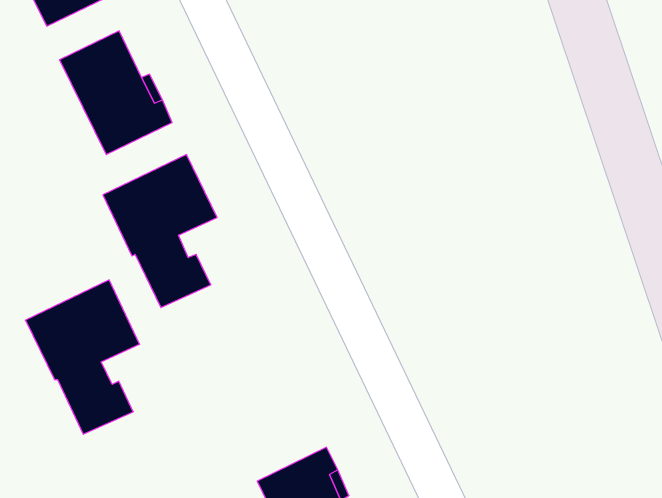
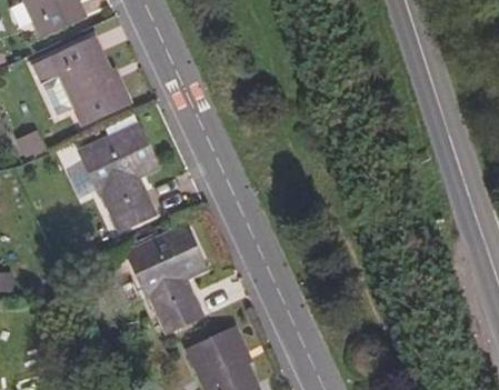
building: [25,280,140,434] -> [127,226,206,332]

